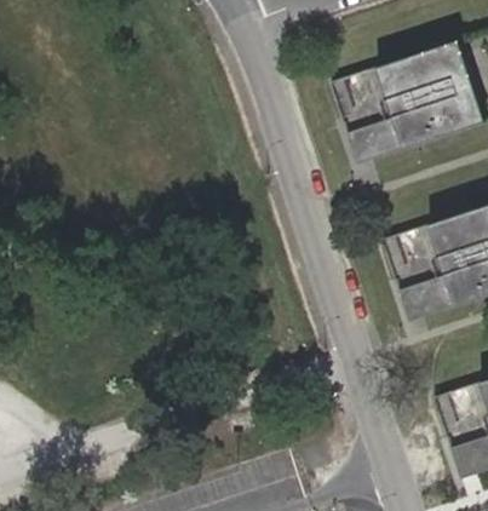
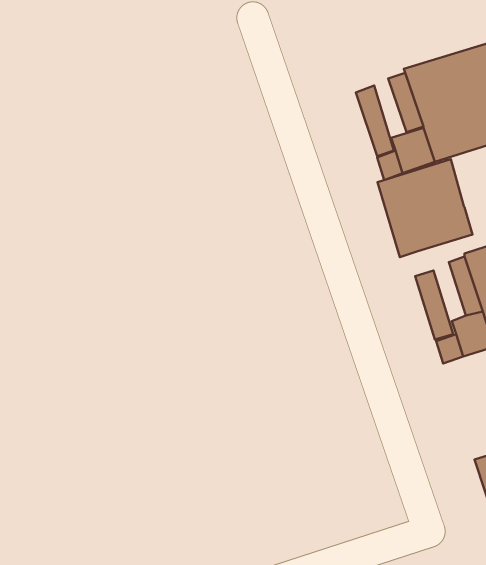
building: none -> [377,159,472,257]

